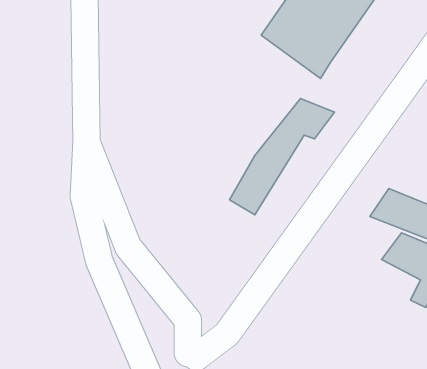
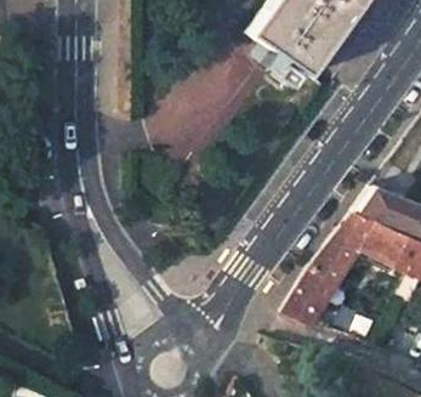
building: [230,98,335,215] -> [288,214,388,325]

